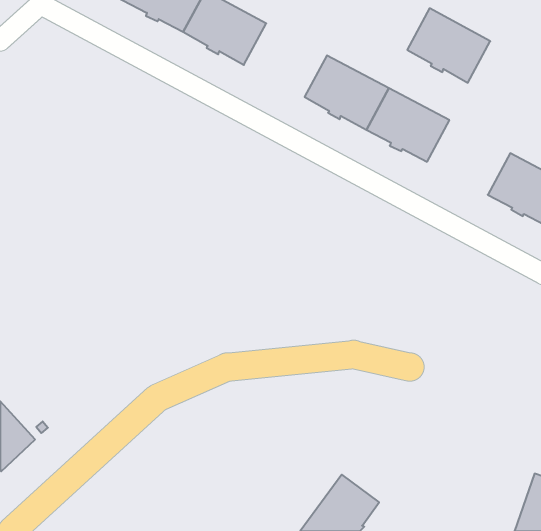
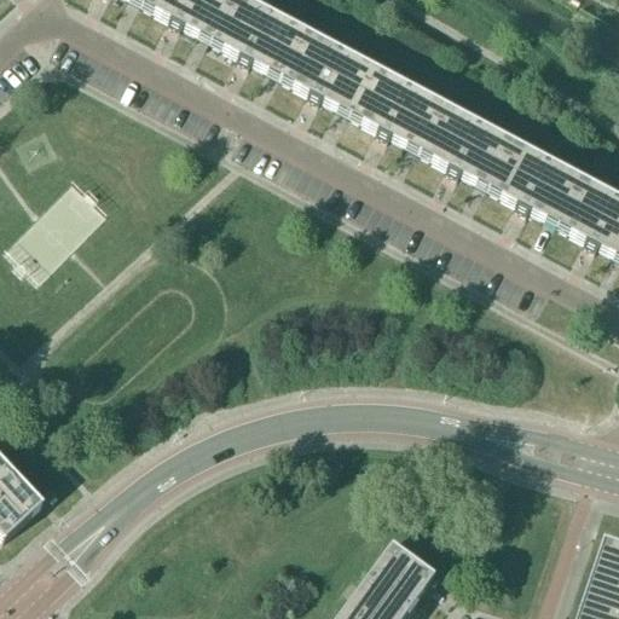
building: [407,8,490,83] -> [488,137,583,221]
building: none -> [280,27,375,110]

